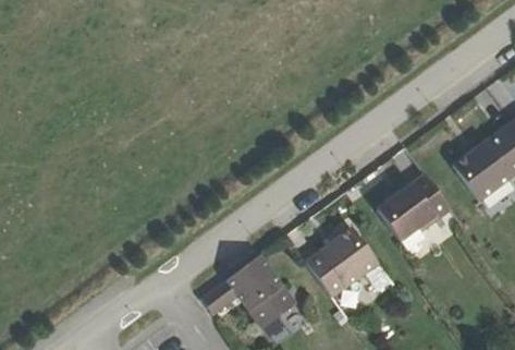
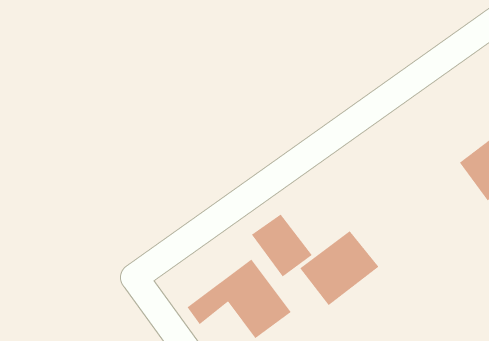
building: [375,174,453,244] -> none
building: none -> [251,213,313,277]

